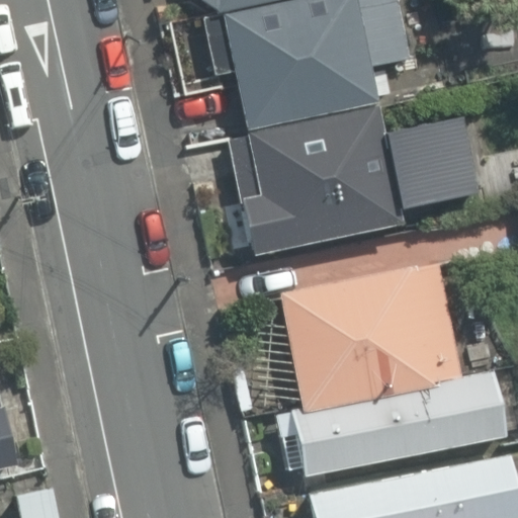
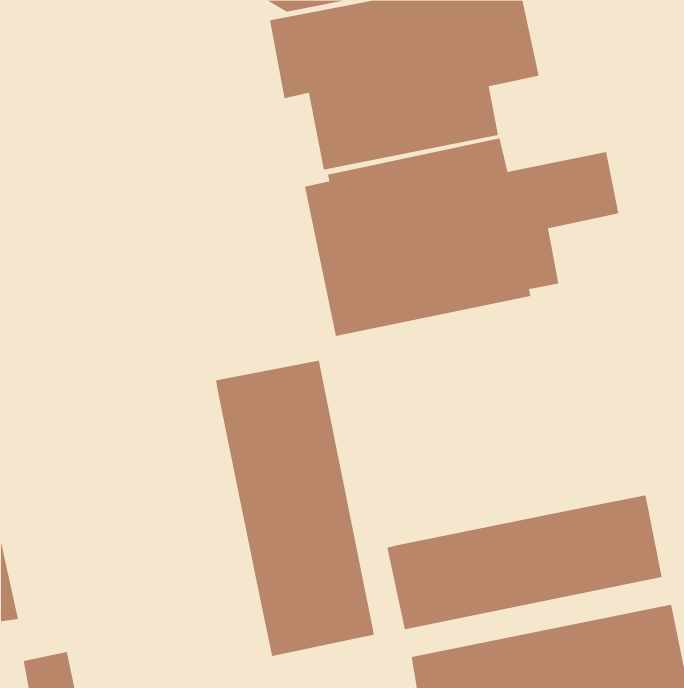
building: [279,265,461,410] -> none
building: none -> [216,360,375,657]

